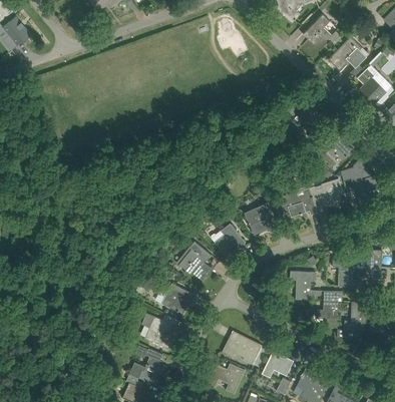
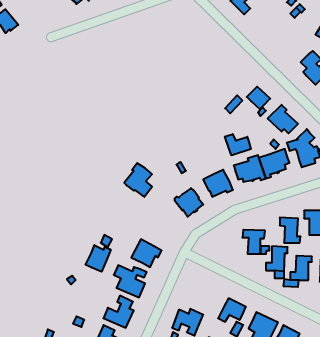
building: [302,14,341,51] -> none
building: [328,37,368,70] -> none
building: none -> [225,134,251,155]
building: [178,242,211,281] -> [124,163,152,197]
building: none -> [86,245,111,272]
building: [222,333,261,365] -> none

